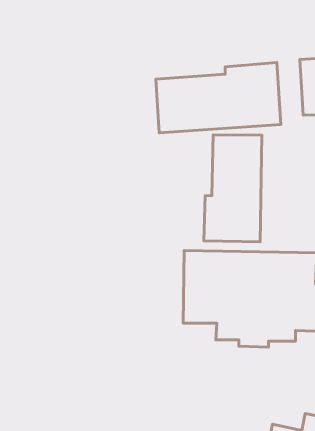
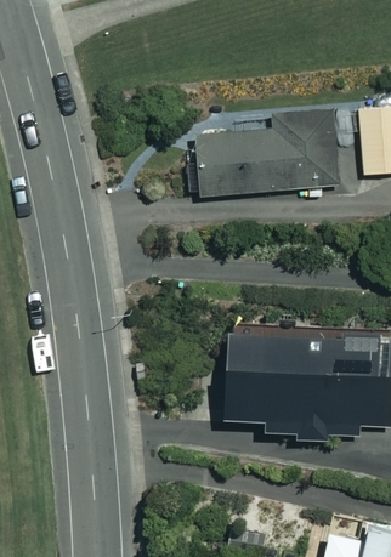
building: [204,135,262,242] -> none

